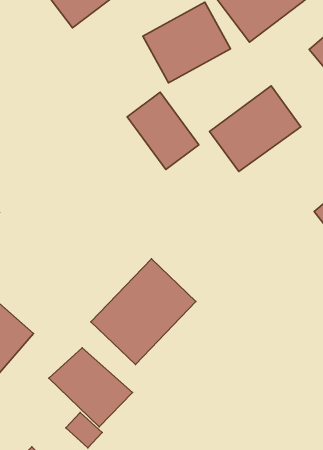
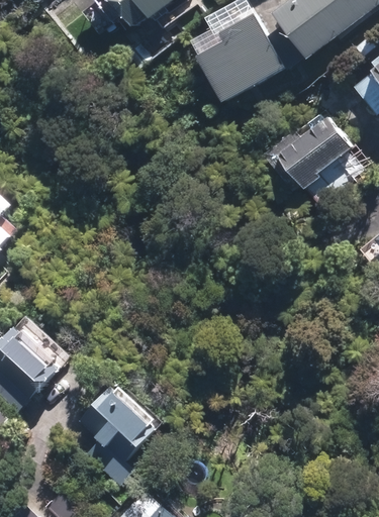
building: [127,92,199,169] -> none
building: [91,259,196,365] -> none

